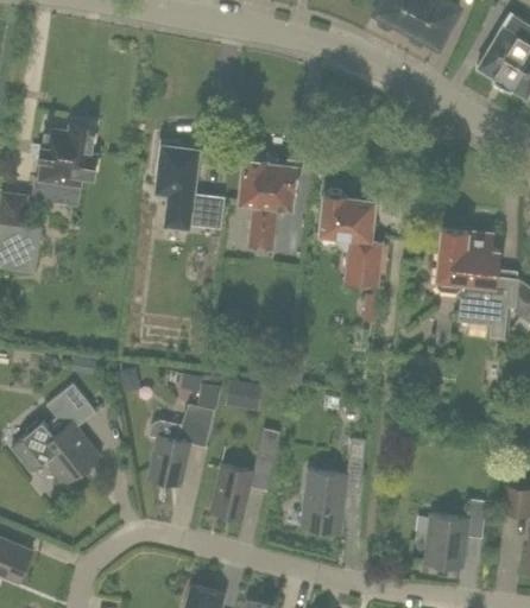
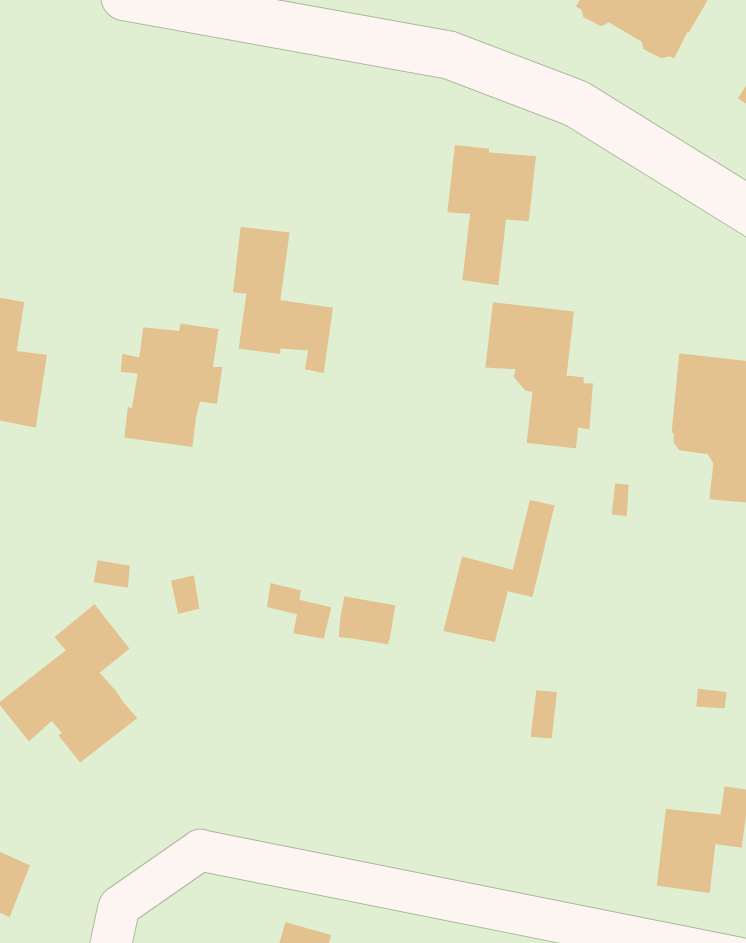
building: [31,127,96,205] -> [120,323,223,447]
building: [239,160,296,249] -> [447,145,537,286]
building: [149,406,214,487] -> none
building: [209,429,280,519] -> [443,499,556,643]
building: [301,471,347,532] -> none

